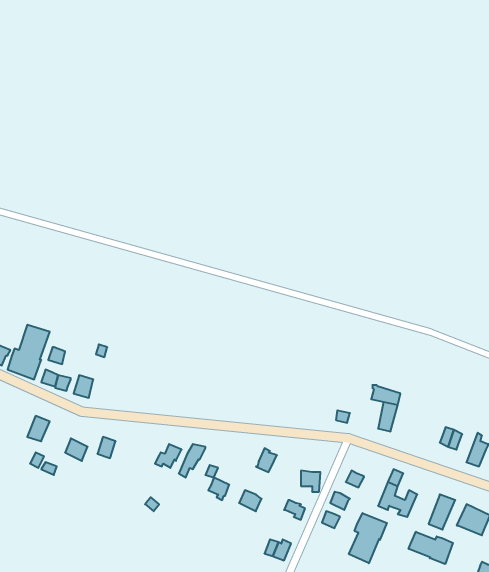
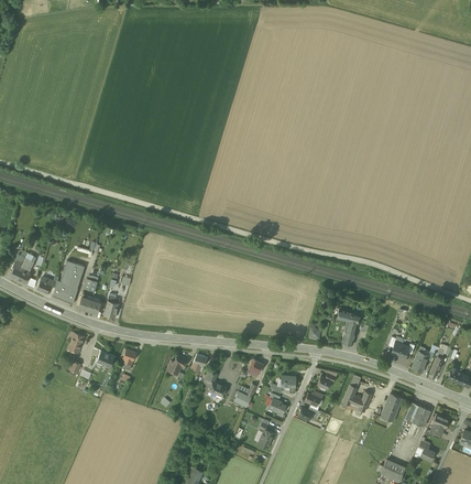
building: [349,513,387,563] -> none
building: [409,532,453,564] -> none

